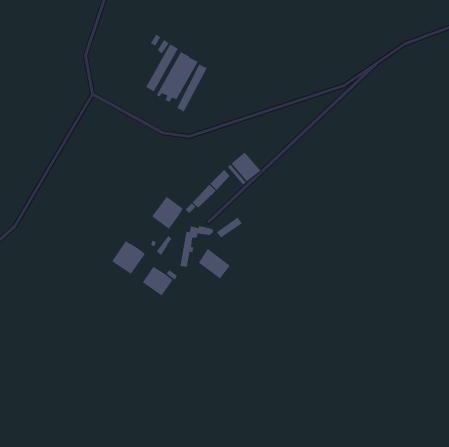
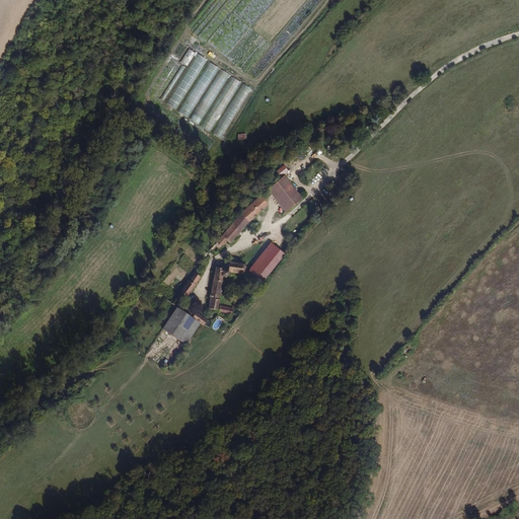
building: [151,196,184,229] -> none
building: [111,240,146,275] -> none
building: [198,248,231,279] -> none

